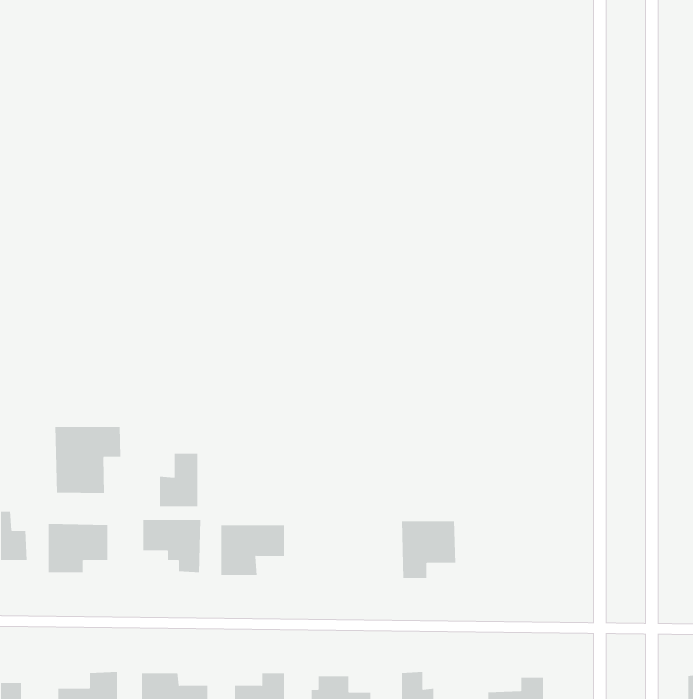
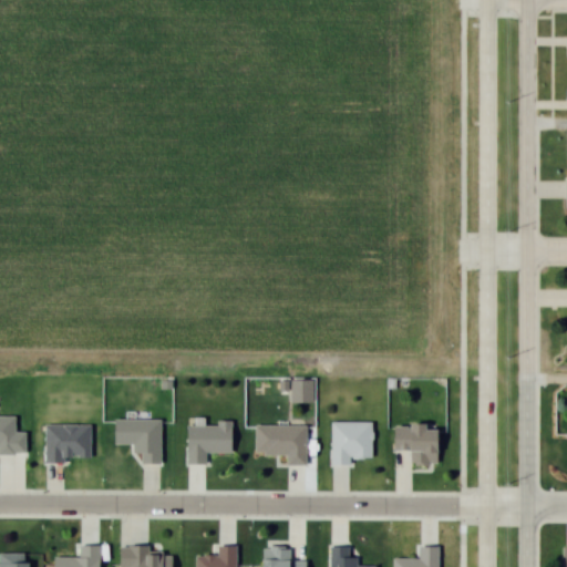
building: [55,426,121,494] -> none
building: [160,453,198,507] -> none
building: none -> [291,379,320,403]
building: none -> [392,426,434,467]
building: none -> [262,427,315,467]

